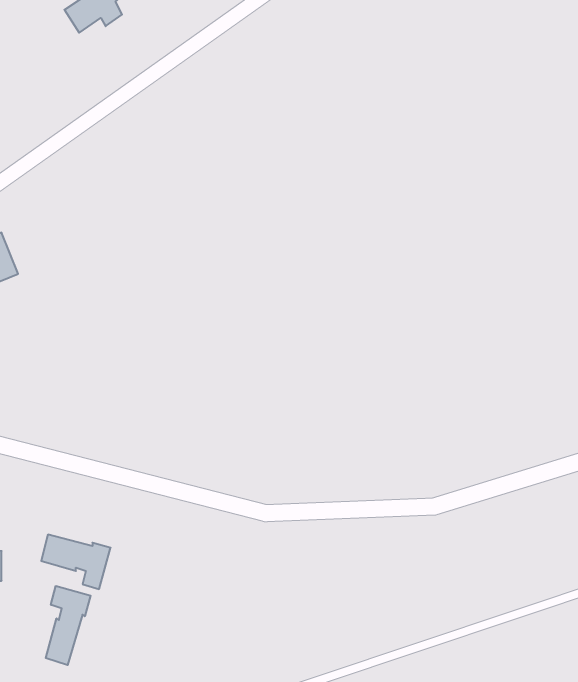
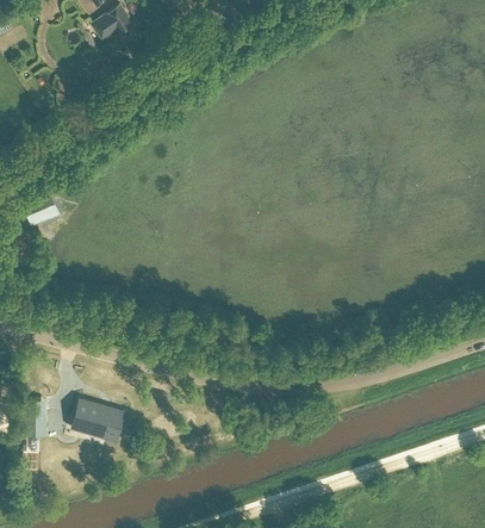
building: [46,586,91,665] -> none

